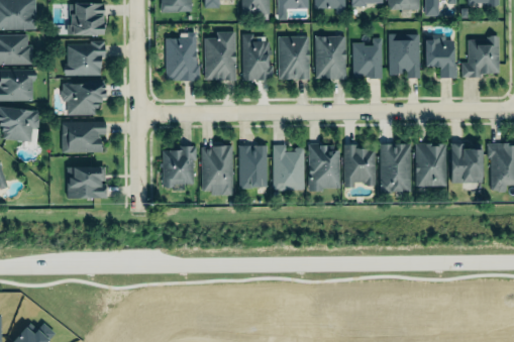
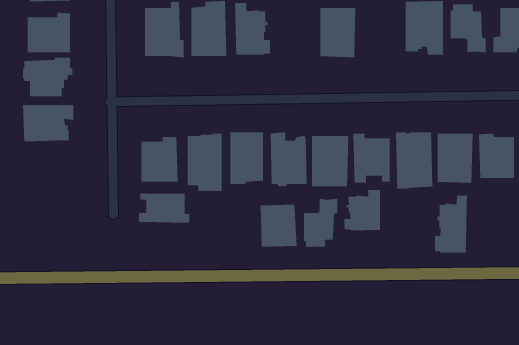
building: [278,37,310,81] -> none
building: [352,39,382,80] -> none
building: [66,164,107,199] -> none
building: none -> [343,189,381,231]
building: none -> [138,193,190,224]
building: none -> [434,195,468,253]
building: none -> [303,198,338,248]
building: none -> [260,204,297,248]

